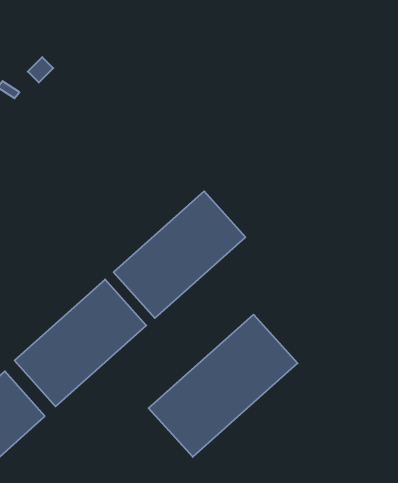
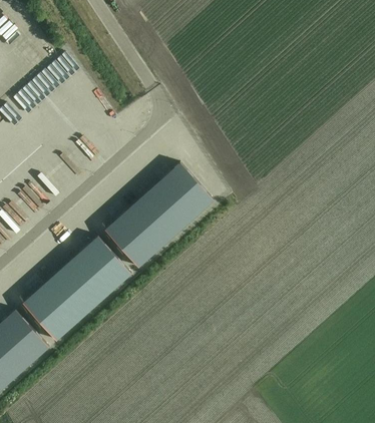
building: [149,315,298,457] -> none

